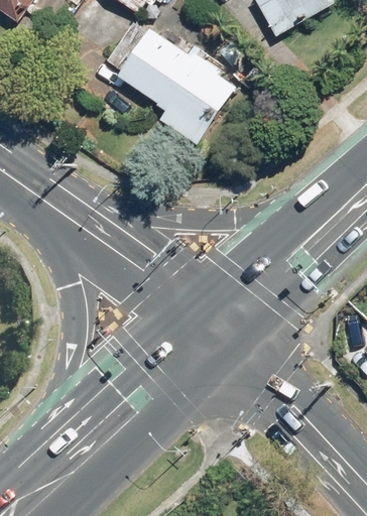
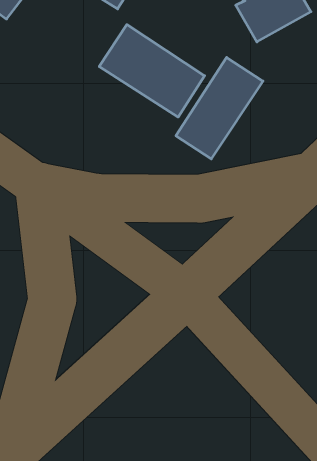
building: none -> [176,57,263,159]

